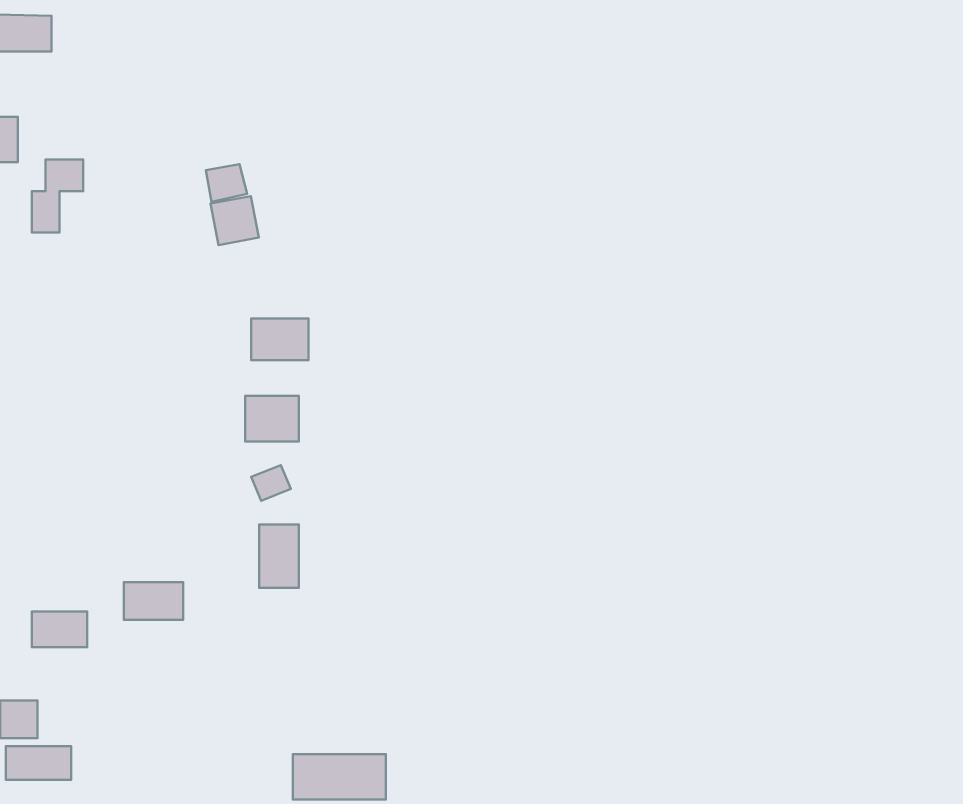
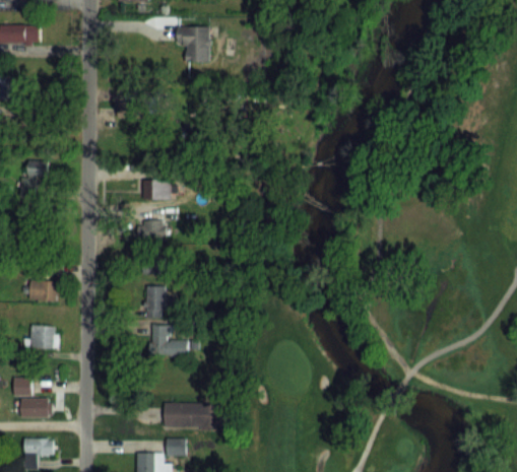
building: none -> [178,26,211,63]
building: [32,159,83,233] -> [21,159,48,197]
building: [211,196,259,245] -> none
building: [124,582,183,620] -> [30,281,61,300]
building: none -> [149,325,185,357]

